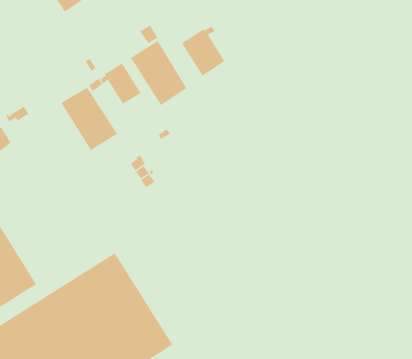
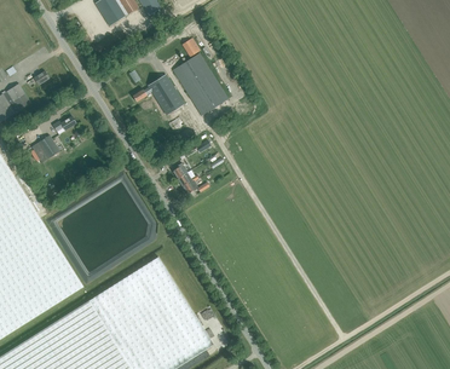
building: [181,26,225,76] -> none
building: [60,87,118,151] -> none

